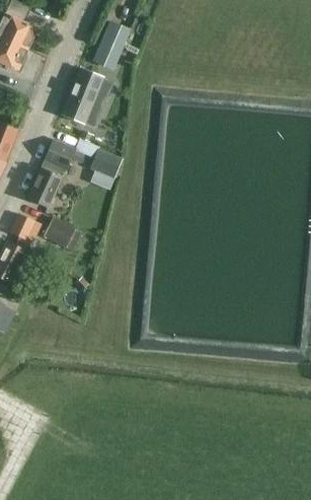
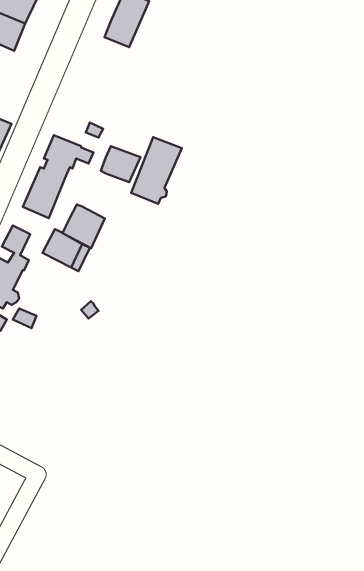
building: [62,68,103,123] -> [131,137,182,204]
building: none -> [63,204,105,248]

